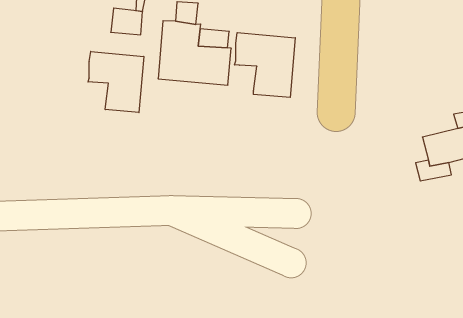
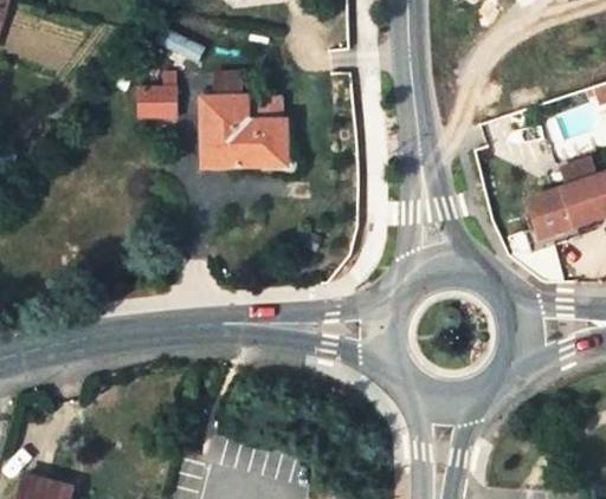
building: [235,33,295,97] -> none
building: [88,51,144,113] -> none

